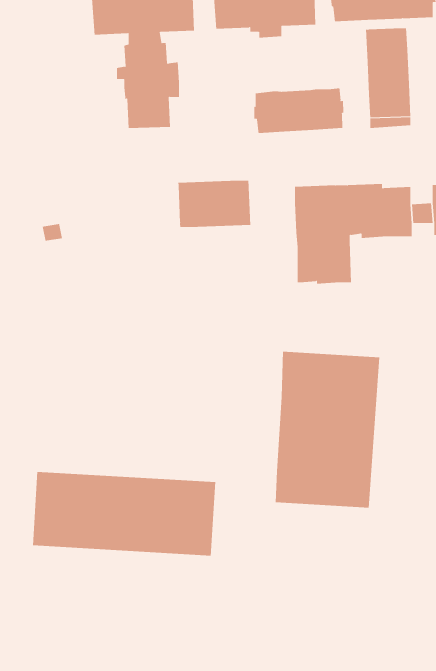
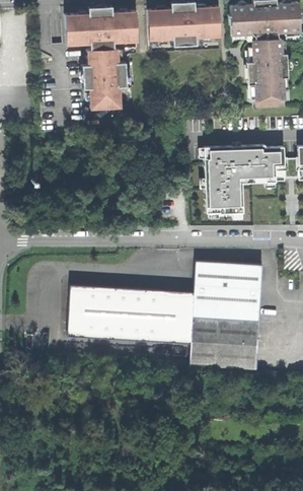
building: [254,87,344,134] -> none
building: [178,180,251,228] -> none
building: [32,471,216,556] -> [69,284,195,342]

